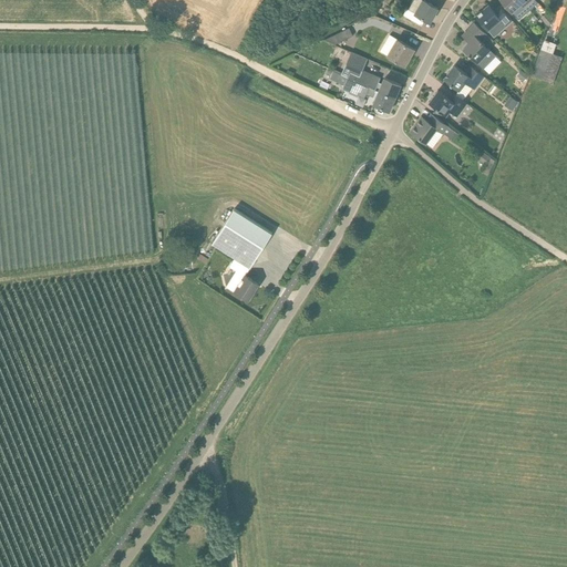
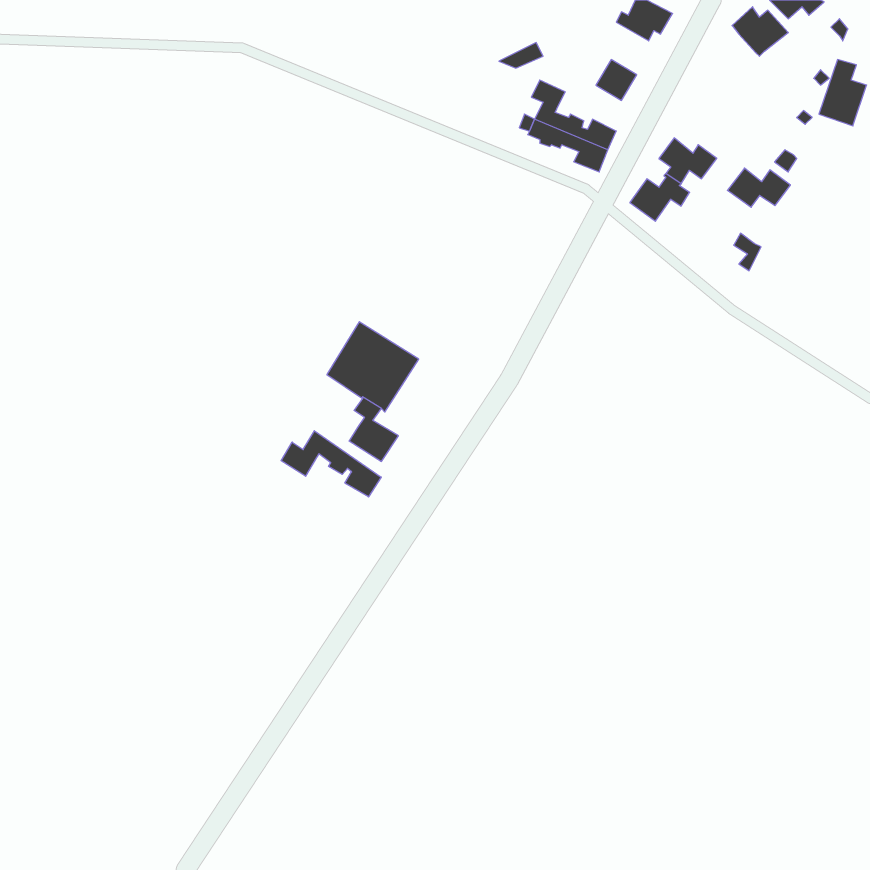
building: [463,23,496,69] -> none
building: [444,65,485,91] -> [727,168,790,207]
building: none -> [281,431,381,497]

